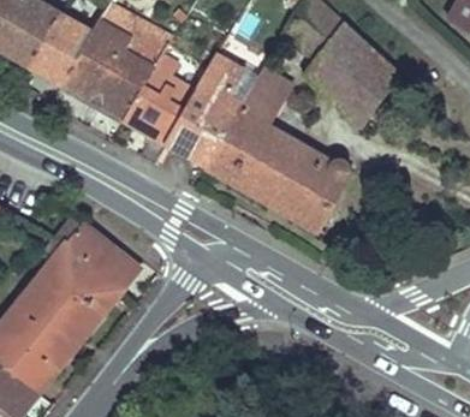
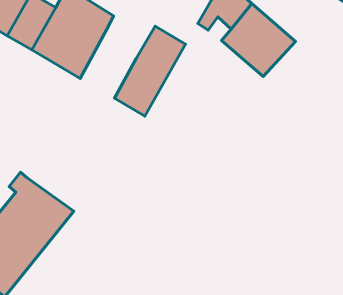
building: [127,52,198,144] -> none
building: [209,66,355,231] -> none
building: [52,224,135,287] -> none

